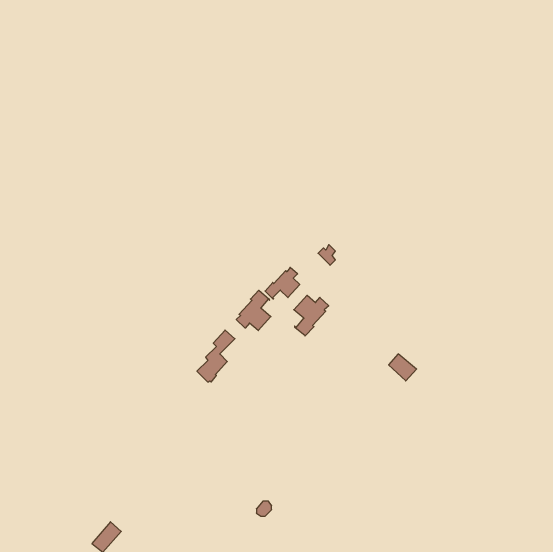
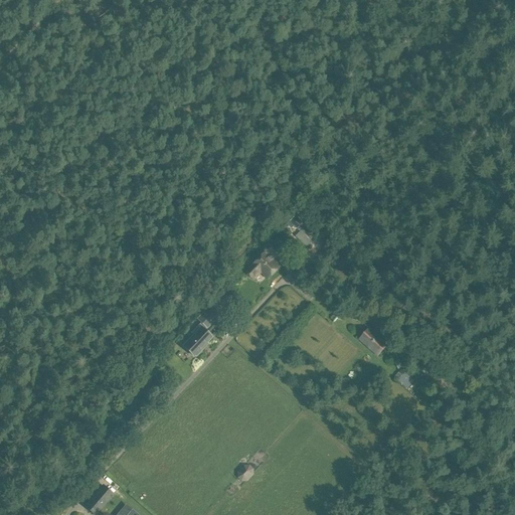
building: [236,290,271,331] -> none
building: [294,295,329,336] -> none

